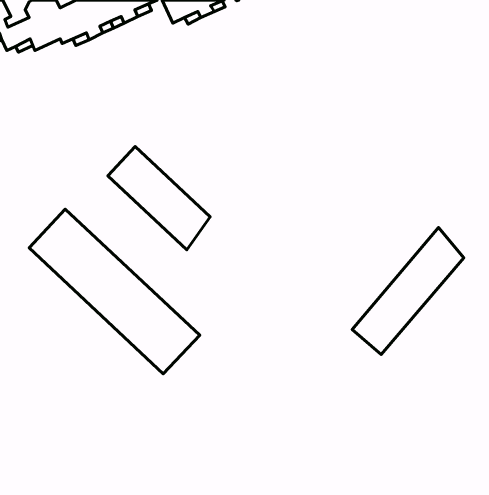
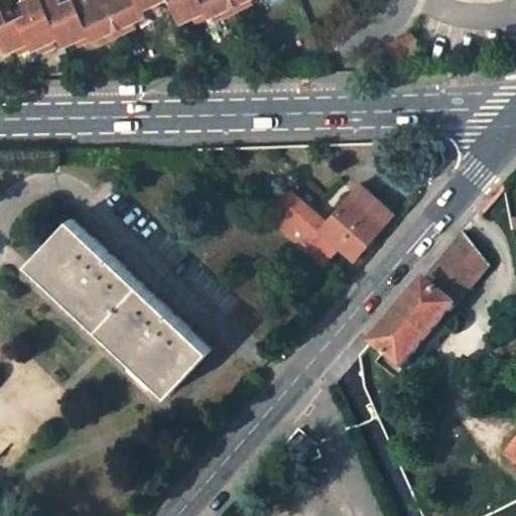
building: [108,147,210,250] -> none
building: none -> [261,185,387,265]

